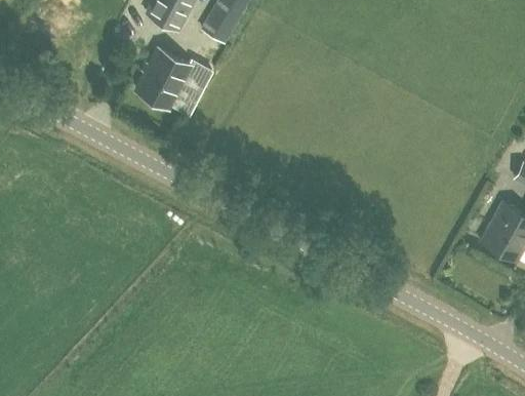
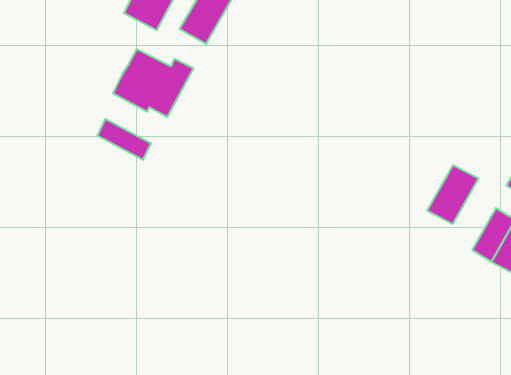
building: none -> [97,119,151,160]
building: none -> [427,165,478,224]

